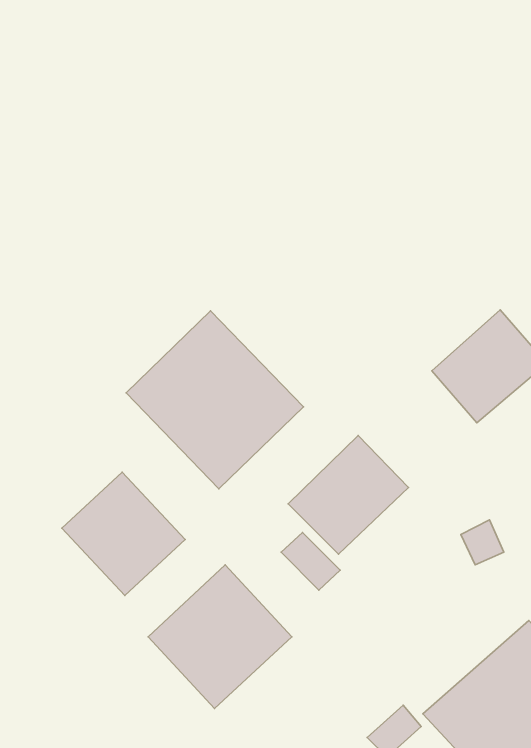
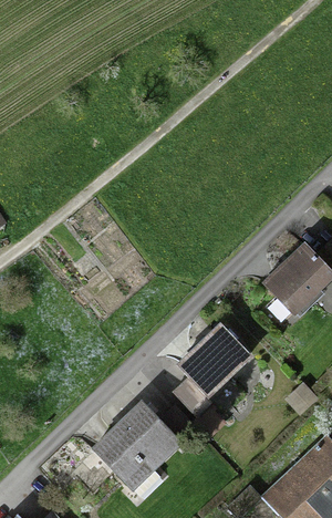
building: [126,311,303,489] -> none
building: [62,472,185,596] -> none

